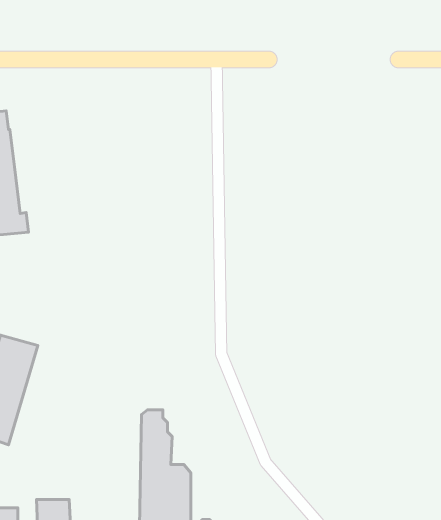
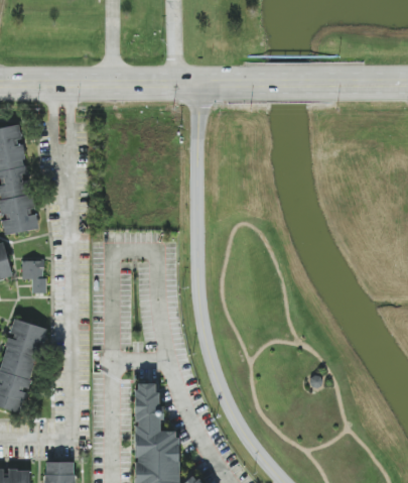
building: none -> [22,261,46,293]

